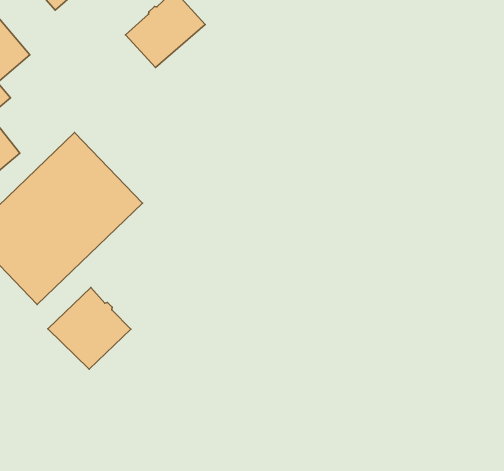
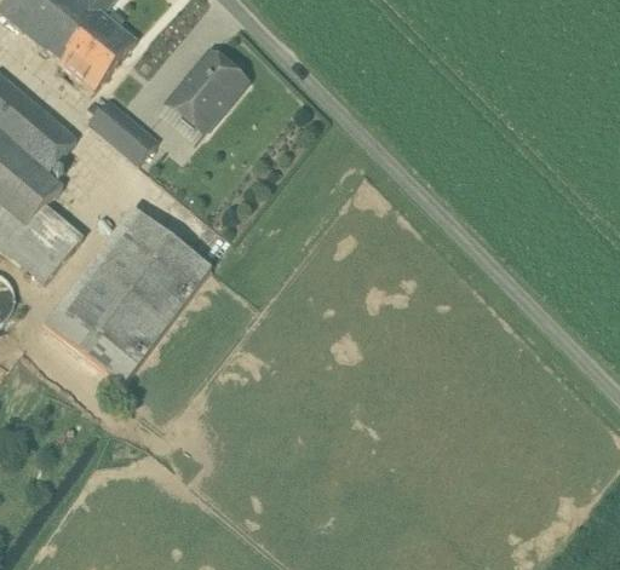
building: none -> [90,99,157,163]
building: [48,287,131,369] -> none

